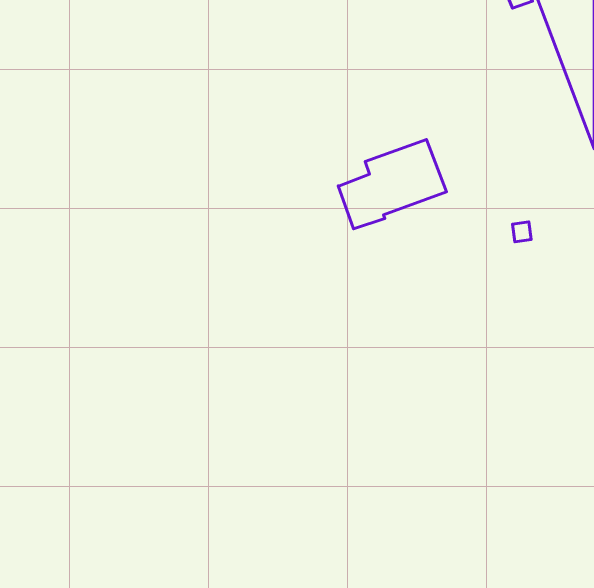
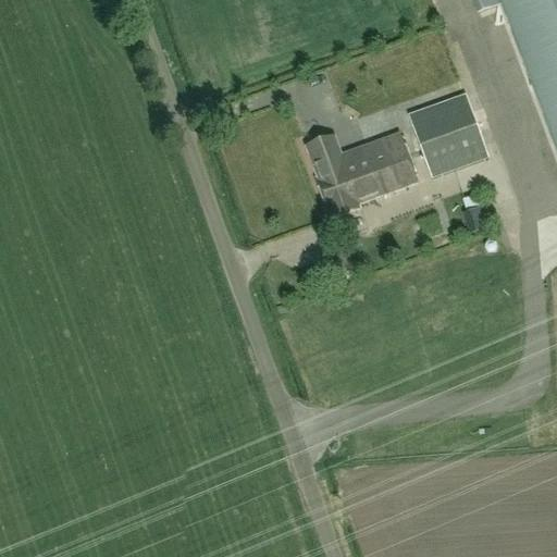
building: none -> [409,91,488,174]
building: none -> [307,134,346,174]

